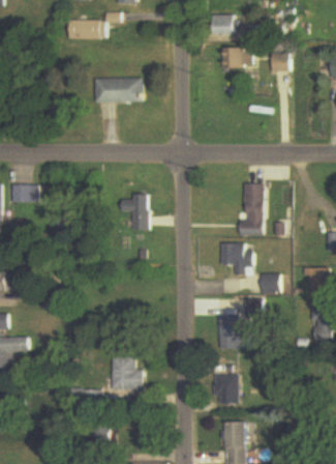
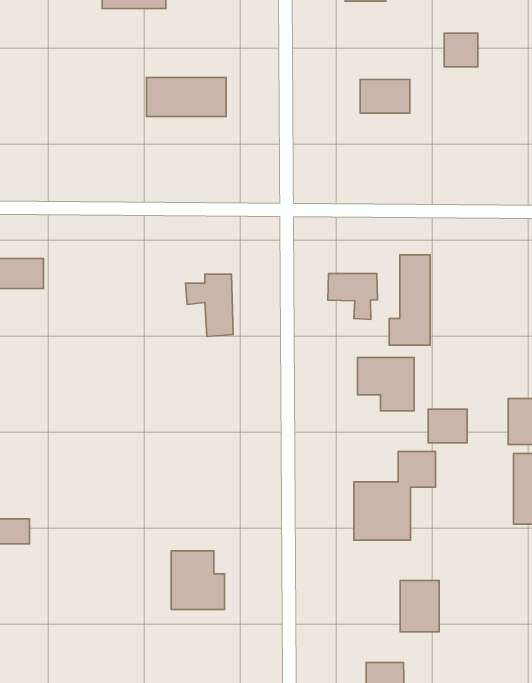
building: [222,48,251,67] -> [360,79,410,113]
building: none -> [328,274,378,320]
building: [213,374,236,404] -> [400,580,439,632]

